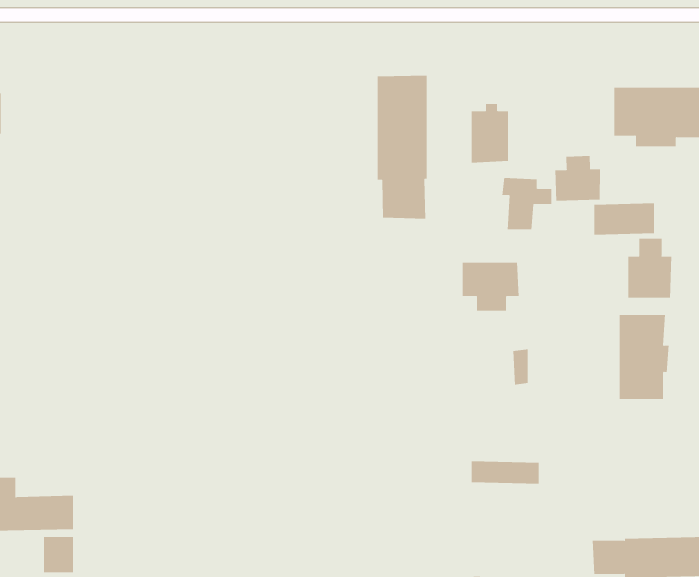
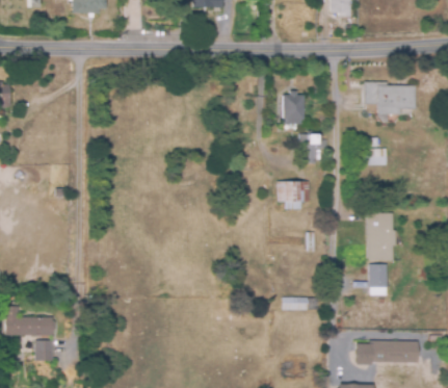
building: [377,75,427,220] -> none
building: [555,155,601,201] -> none
building: [628,238,672,299] -> none
building: none -> [368,264,388,291]

